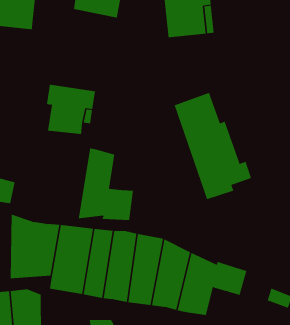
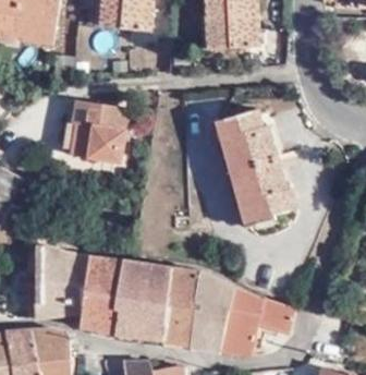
building: [78,148,133,221] -> none

